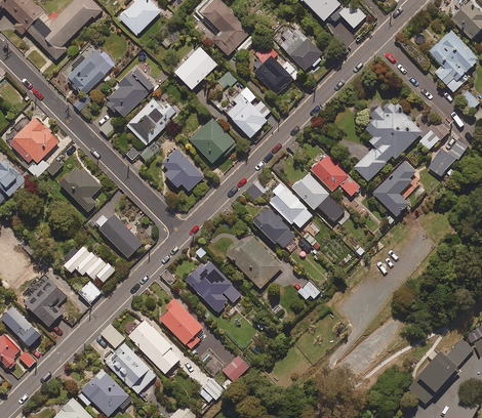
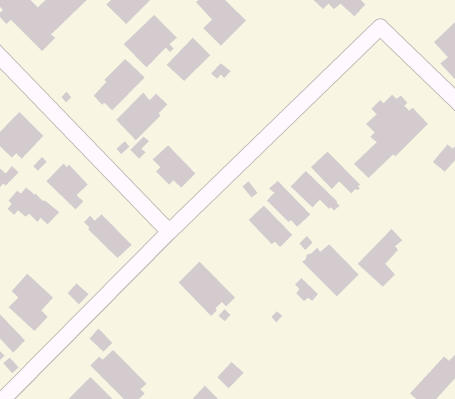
building: [280,29,322,70] -> none
building: [61,44,113,95] -> [123,14,178,68]
building: [253,46,299,96] -> none
building: [227,86,270,137] -> none
building: [190,118,235,163] -> none
building: [372,160,416,216] -> [357,228,403,287]
building: [227,237,282,288] -> [301,243,359,297]
building: [64,245,115,282] -> [6,186,60,225]
building: [160,298,204,348] -> none
building: [128,320,179,374] -> none

